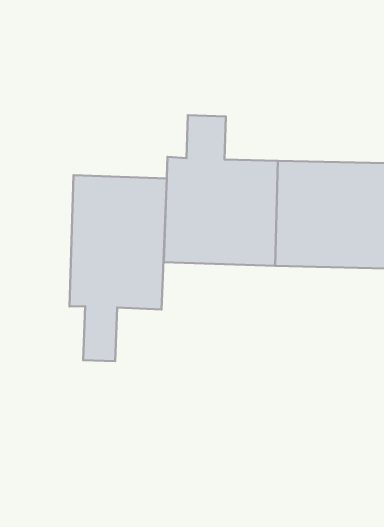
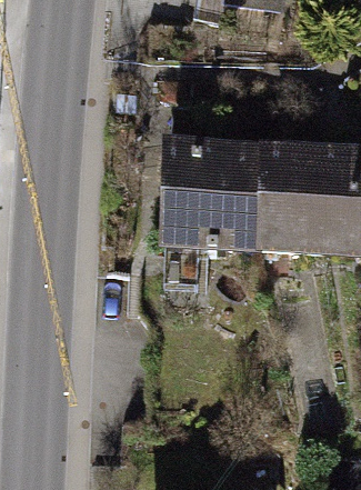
building: [69,175,167,361] -> none

